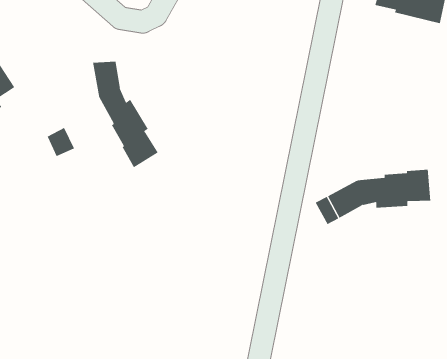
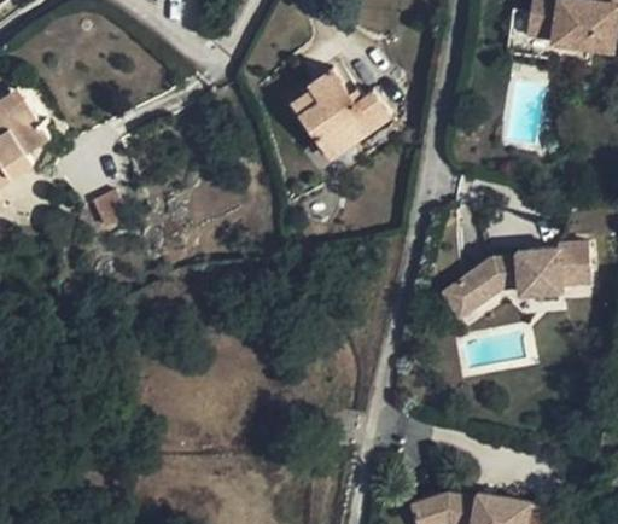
building: none -> [292,68,391,159]
building: [92,61,158,168] -> none

